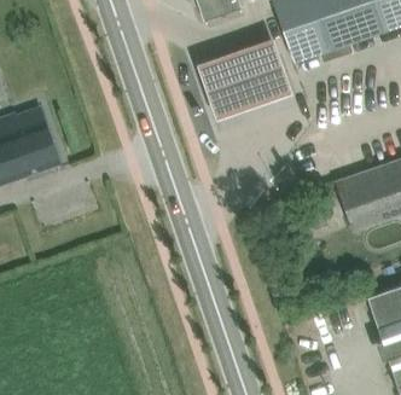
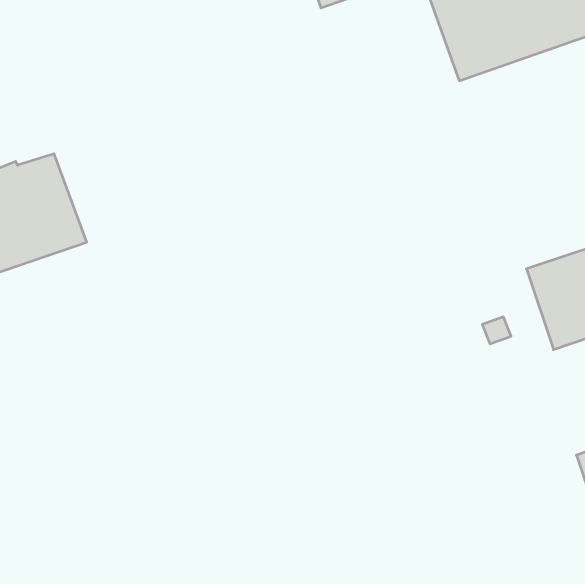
building: [196,34,291,116] -> none

